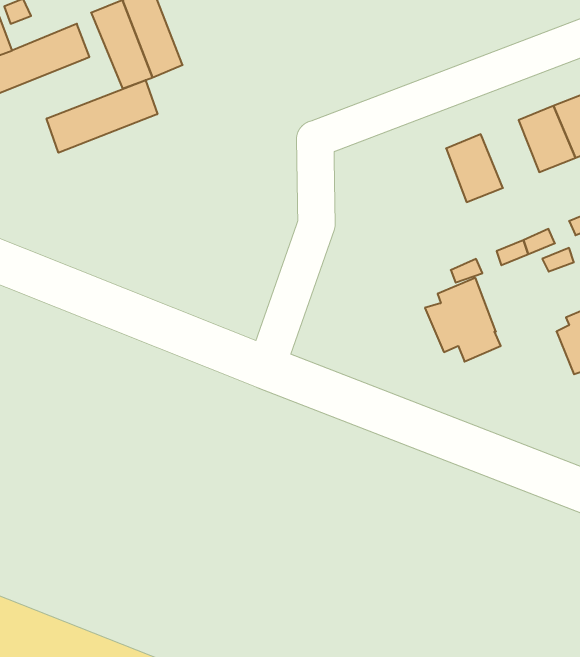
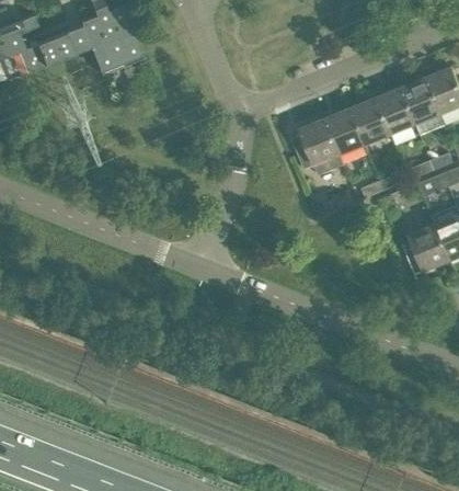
building: [47,80,157,153] -> none
building: none -> [349,98,390,145]
building: [425,278,501,362] -> [290,117,343,175]

